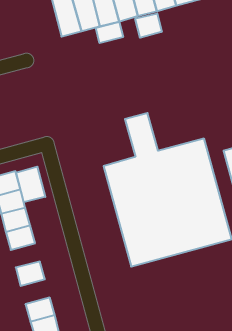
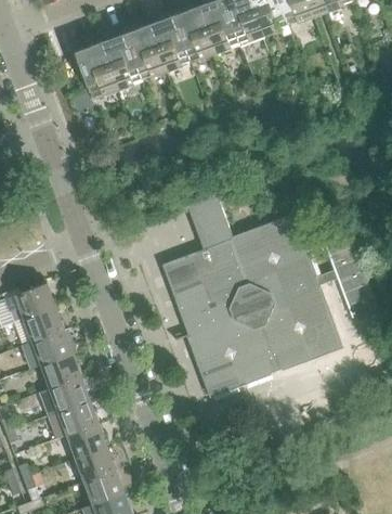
building: [135,13,162,38] -> none
building: [96,22,123,43] -> none
building: [16,167,45,202] -> none
building: none -> [50,376,90,411]
building: none -> [67,423,107,459]

